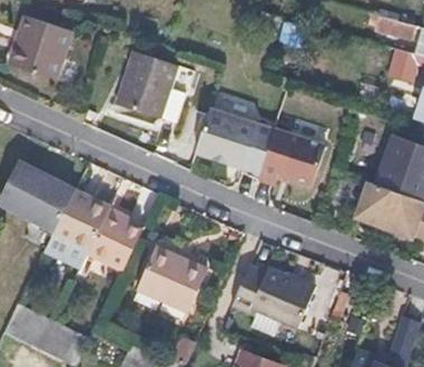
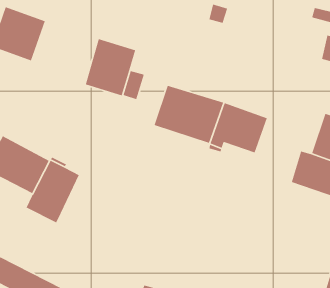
building: [89,209,142,271] -> none
building: [140,247,210,310] -> none
building: [230,265,313,325] -> none

